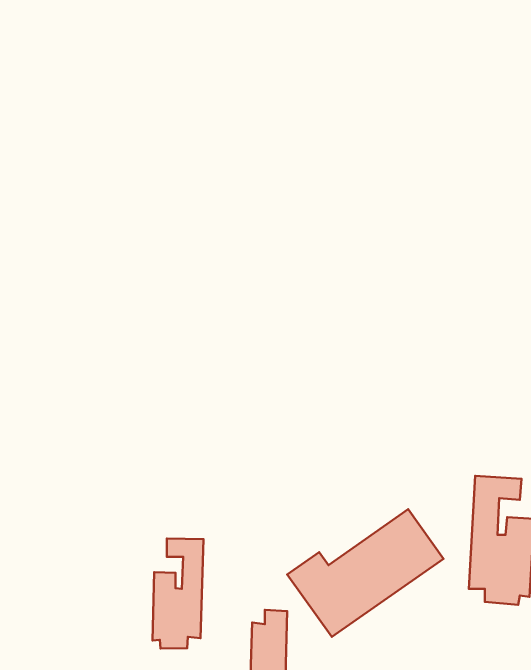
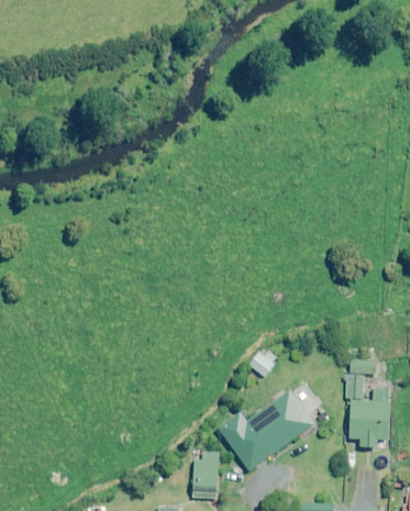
building: none -> [250,346,276,377]
building: [152,539,203,648] -> none

